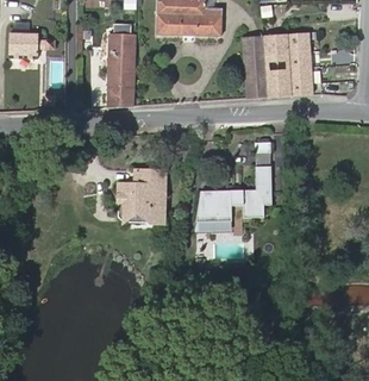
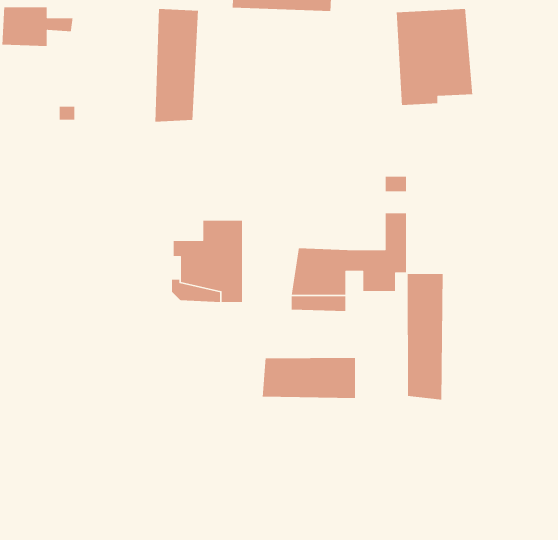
building: [243,36,267,98] -> none
building: none -> [407,273,444,401]
building: none -> [262,357,356,399]

